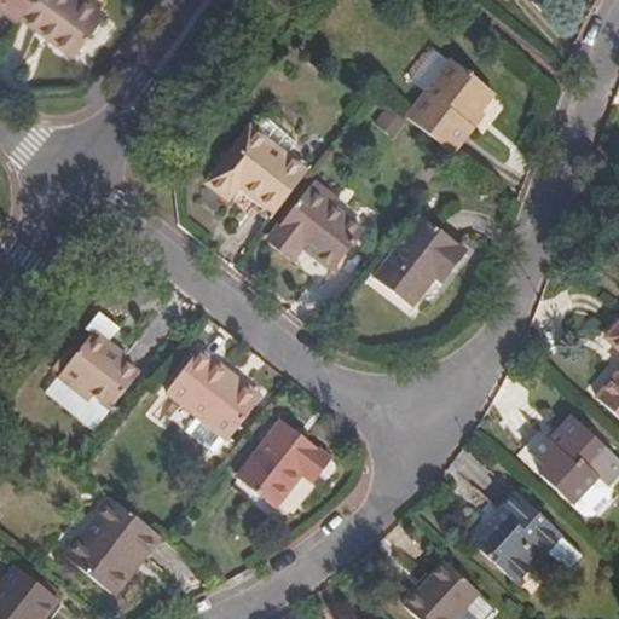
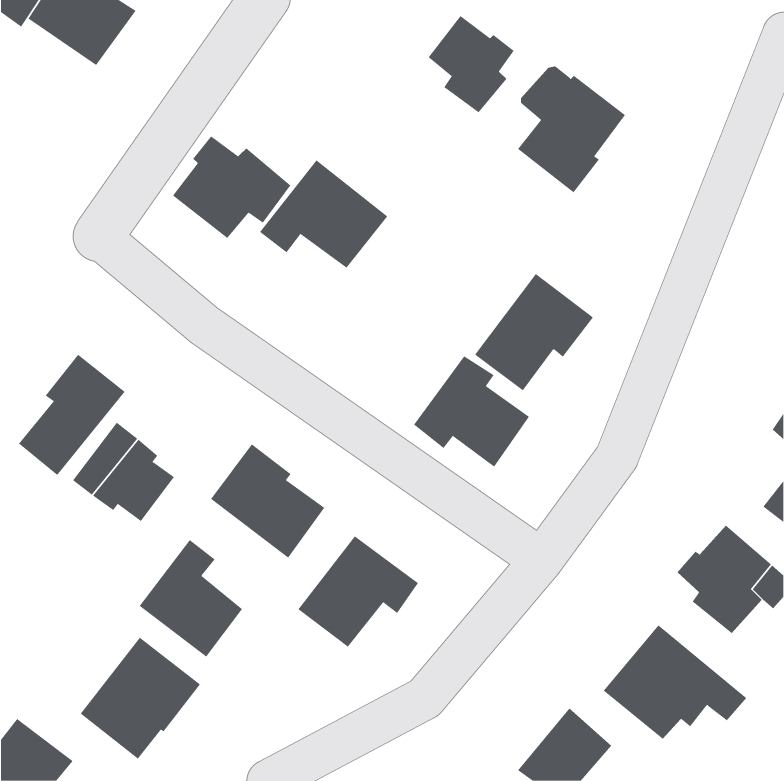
building: none -> [428,15,515,113]
building: none -> [172,136,291,239]
building: [267,181,359,270] -> [413,355,530,467]
building: none -> [18,354,126,476]
building: none -> [139,539,243,657]

